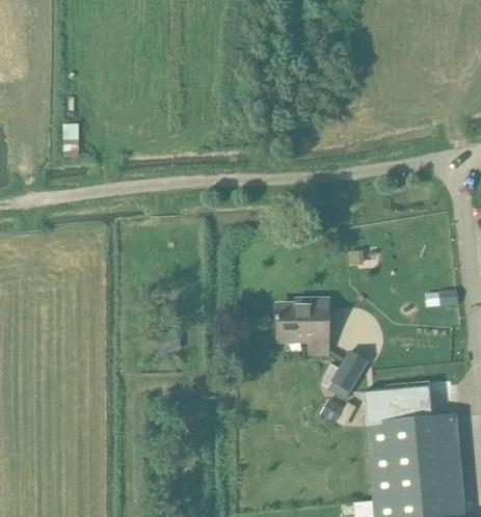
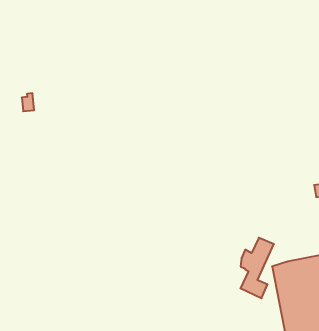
building: [273,304,328,356] -> none

